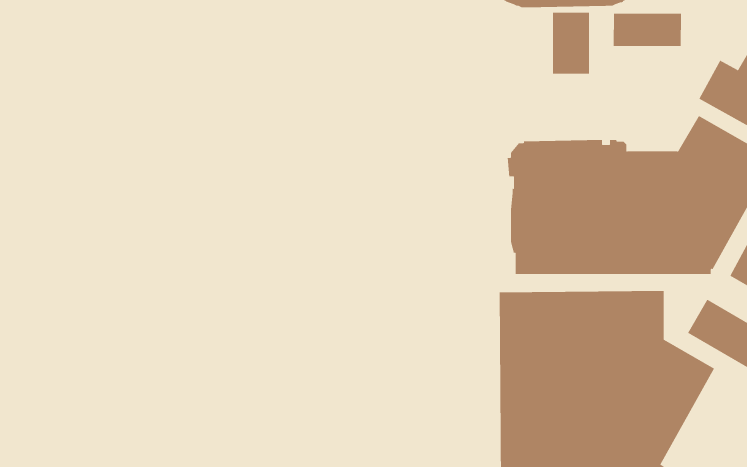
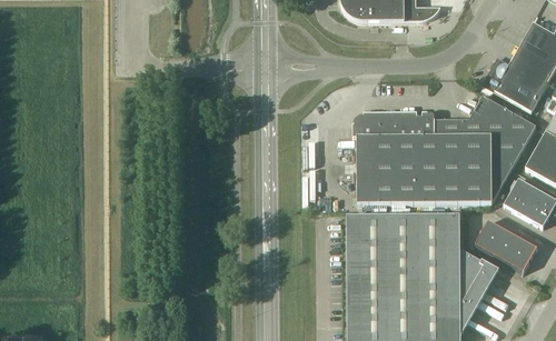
building: [552,12,589,75] -> none
building: [613,13,681,47] -> none

